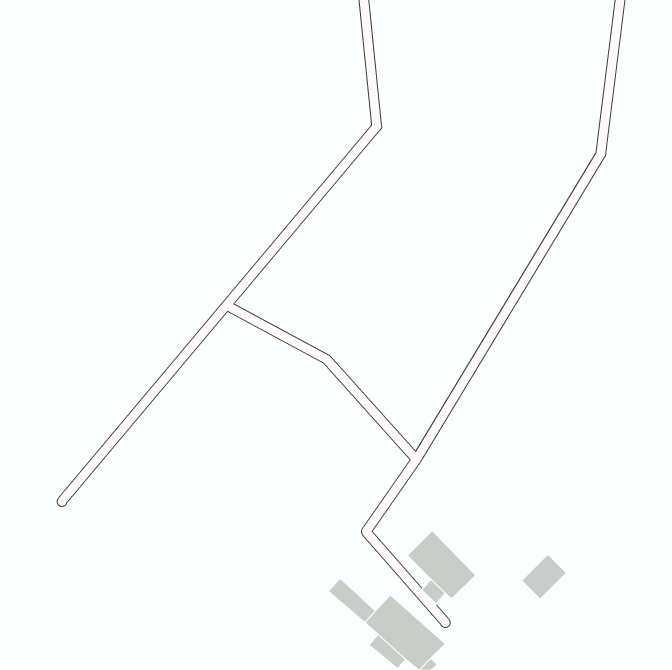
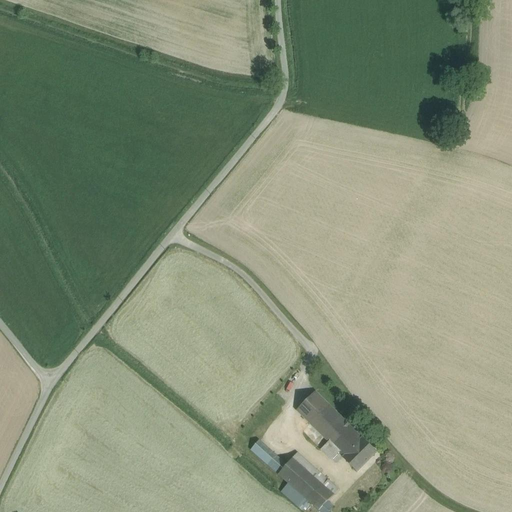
building: none -> [296,390,328,422]
building: [522,554,566,599] -> [342,436,376,470]

